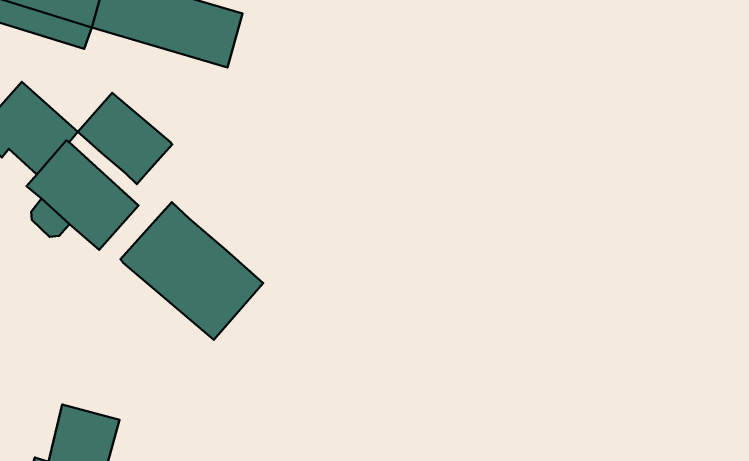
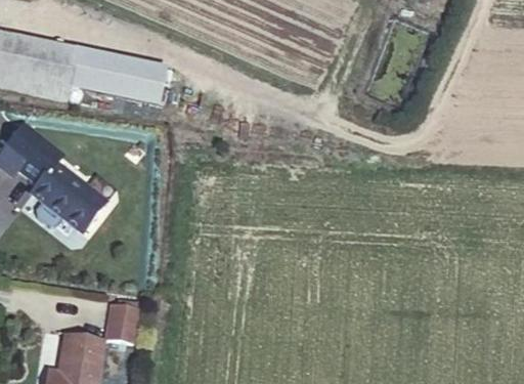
building: [78,93,172,184] -> none
building: [120,202,263,340] -> none
building: none -> [105,301,137,338]

